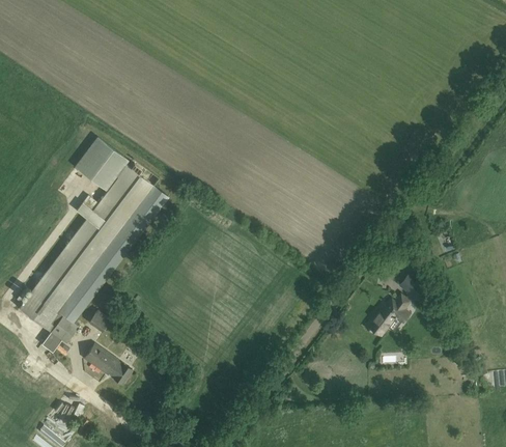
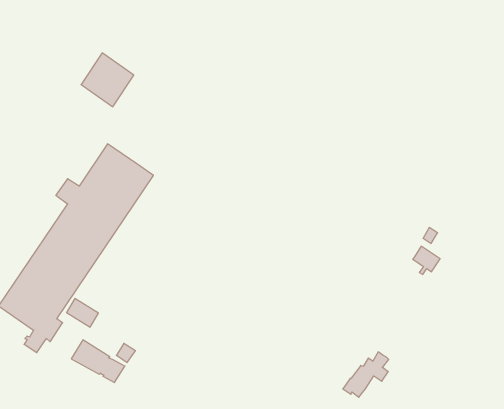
building: [77,138,125,188] -> [81,53,134,107]
building: [367,295,411,335] -> [343,352,389,397]

